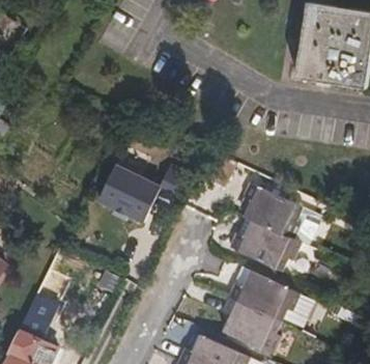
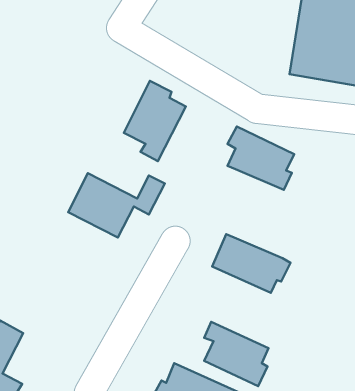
building: none -> [124,81,186,161]
building: [239,185,300,242] -> [227,127,294,190]
building: [226,275,313,334] -> none

